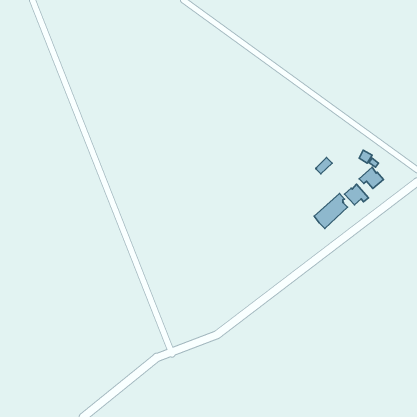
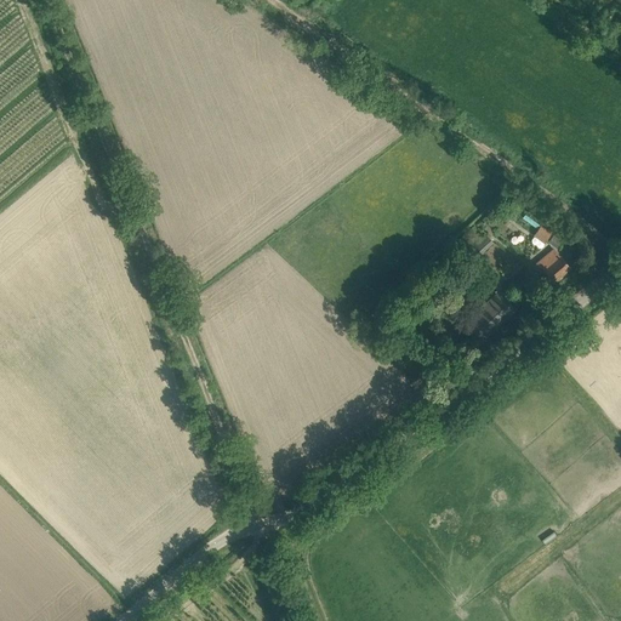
building: [344,184,369,205] -> none

